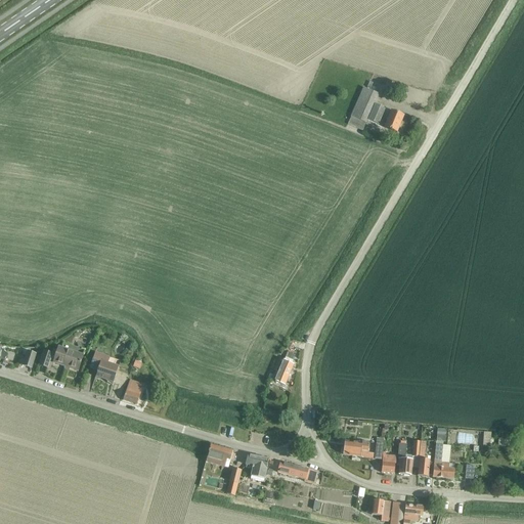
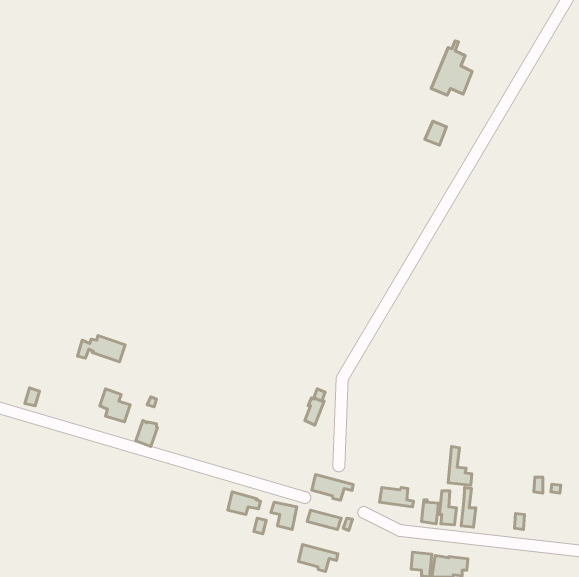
building: [348,80,385,129] -> [431,41,472,95]
building: [40,346,83,369] -> [78,336,125,362]
building: none -> [312,475,353,500]
building: [433,443,454,478] -> [448,447,472,485]
building: none -> [298,545,338,571]

